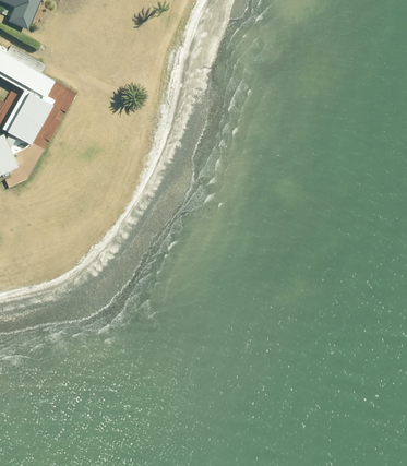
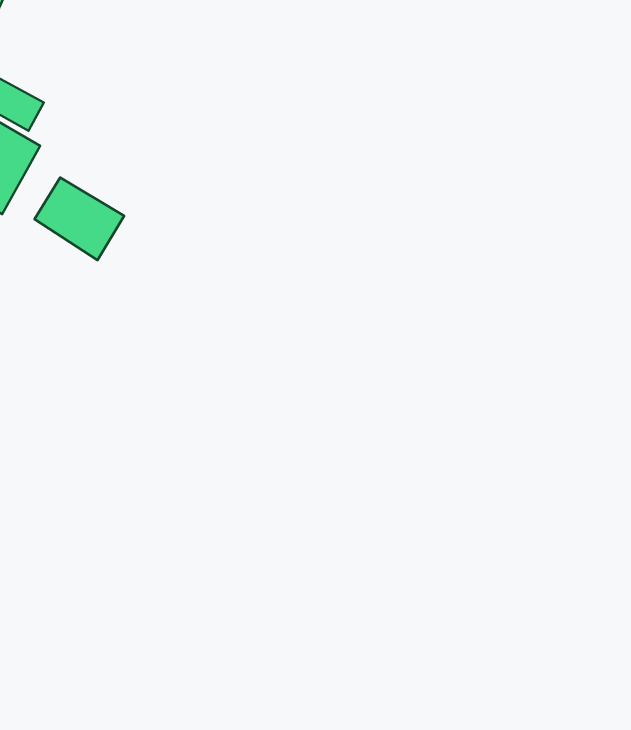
building: none -> [34,177,124,260]

